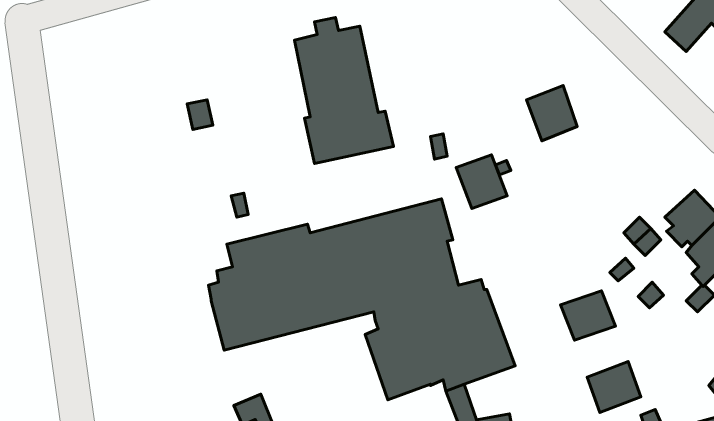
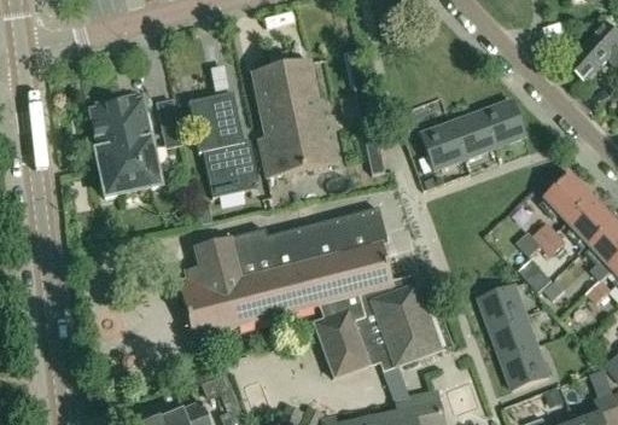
building: none -> [188,92,260,197]
building: none -> [87,93,163,199]
building: none -> [482,99,524,145]
building: [456,155,507,209] -> [420,122,464,168]
building: none -> [542,175,594,222]
building: none -> [491,315,537,359]

